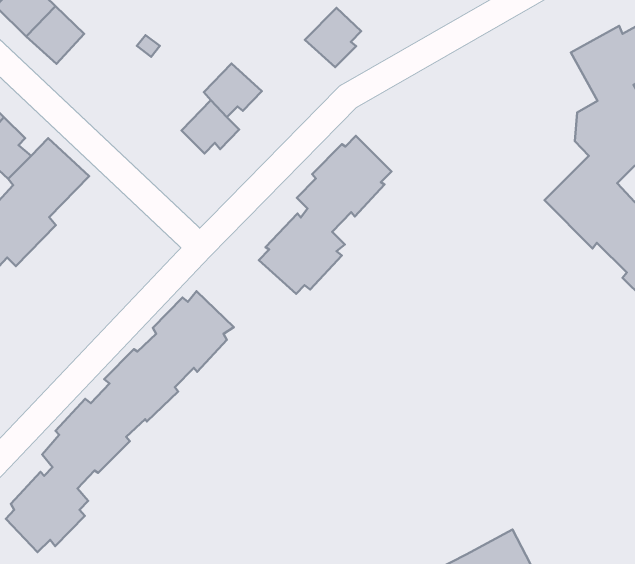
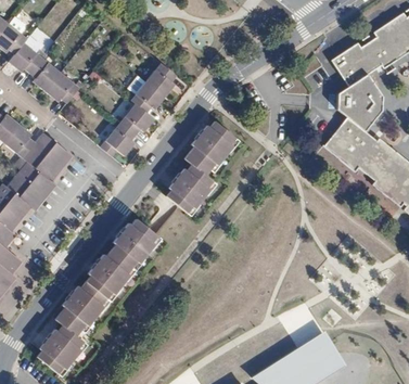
building: [305,8,361,67] -> [143,64,175,98]
building: none -> [44,74,78,105]
building: none -> [98,124,132,158]

